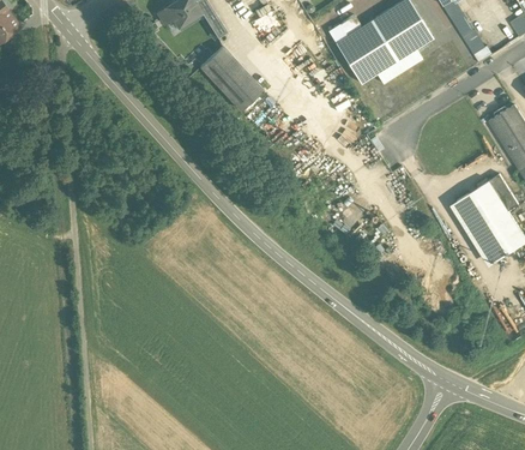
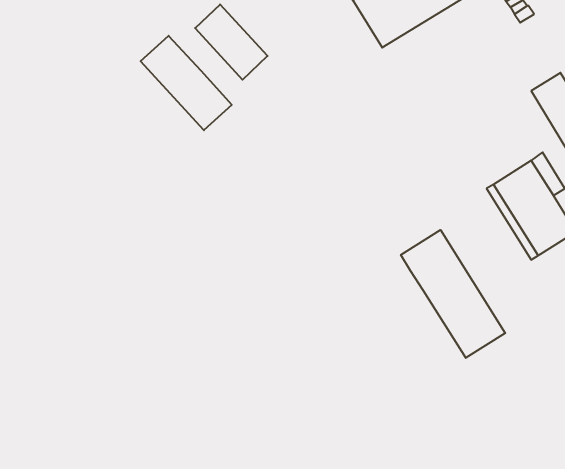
building: none -> [141,36,232,130]
building: none -> [401,230,505,358]

